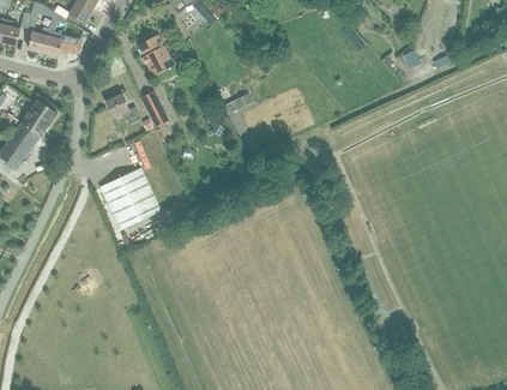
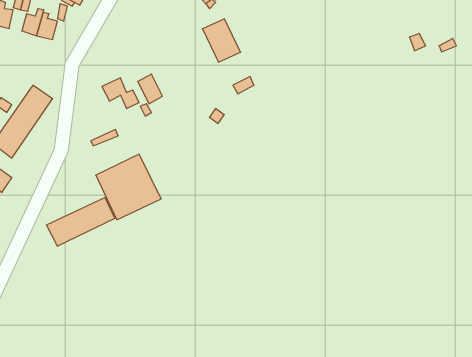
building: [139,35,176,77] -> [202,19,241,62]
building: none -> [46,197,115,246]

